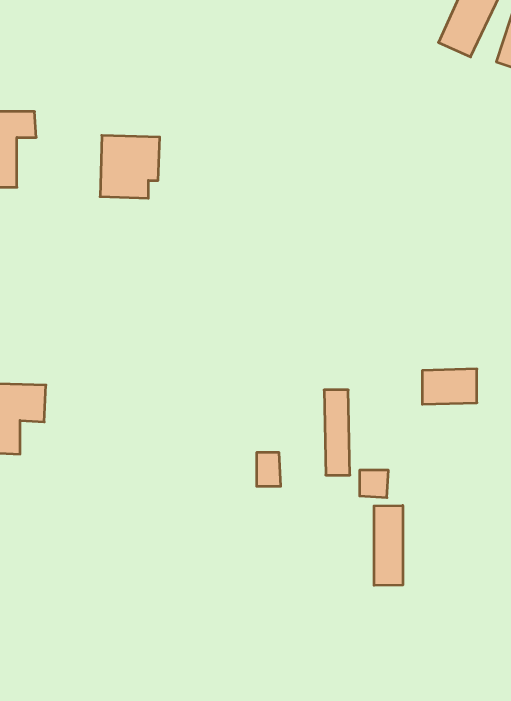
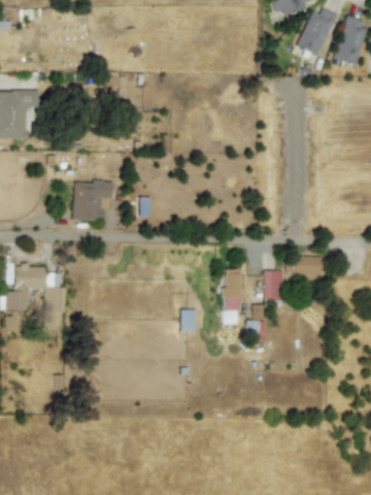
building: [100,135,160,198] -> [73,180,111,221]
building: none -> [264,270,282,300]
building: [374,505,403,585] -> none

